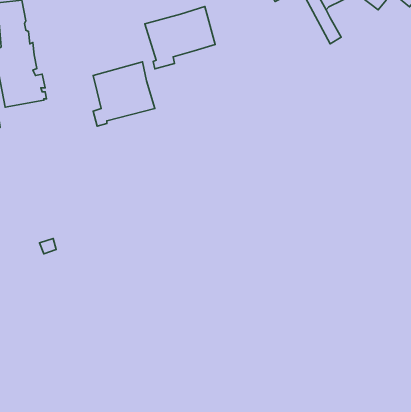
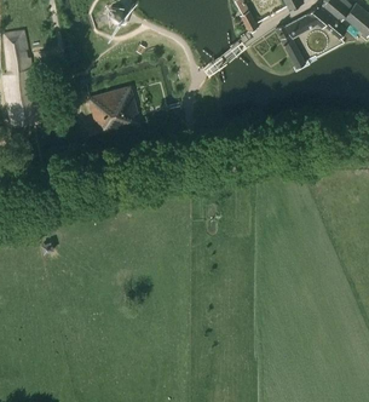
building: [145,7,215,69] -> none

